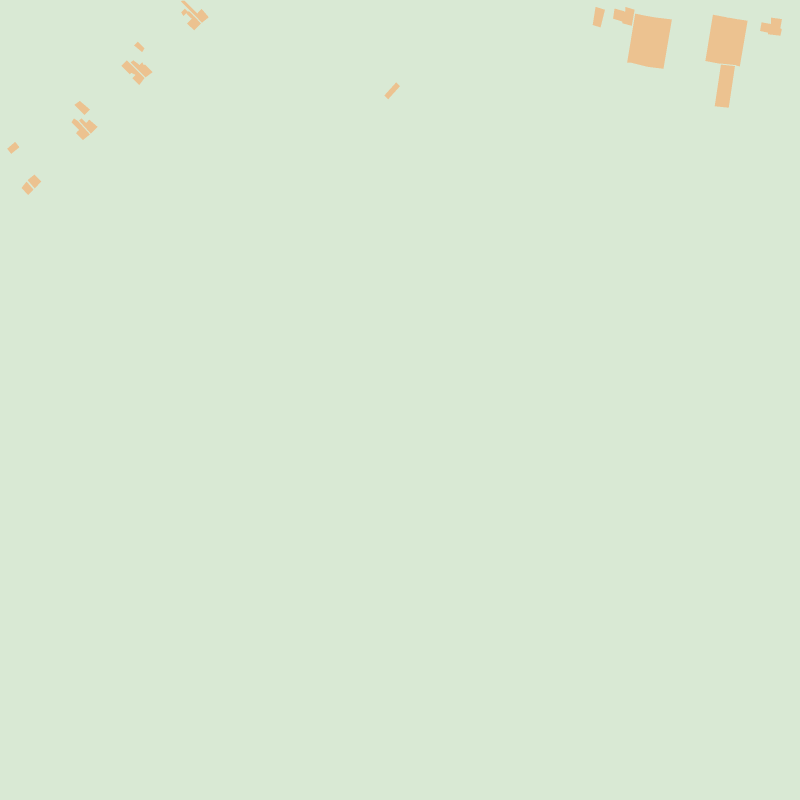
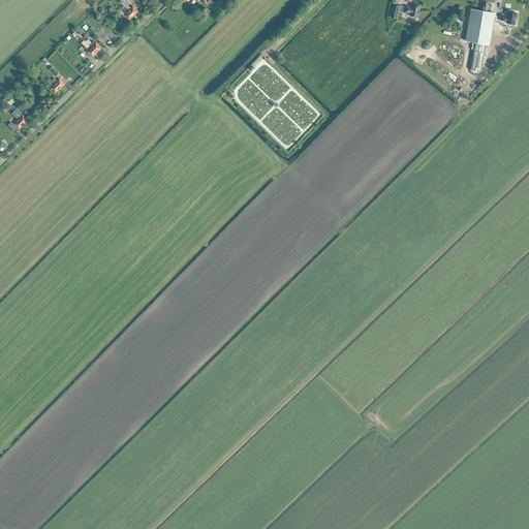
building: [627,13,672,70] -> none

